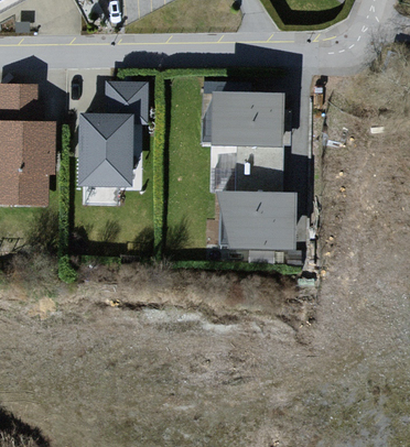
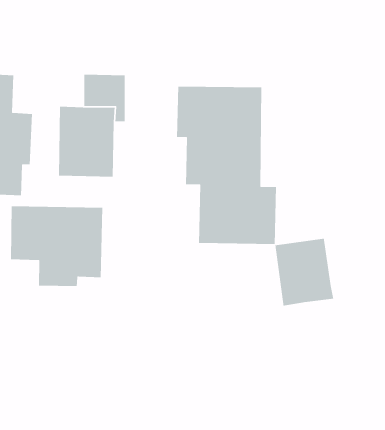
building: none -> [10,205,103,287]
building: none -> [274,238,334,307]

